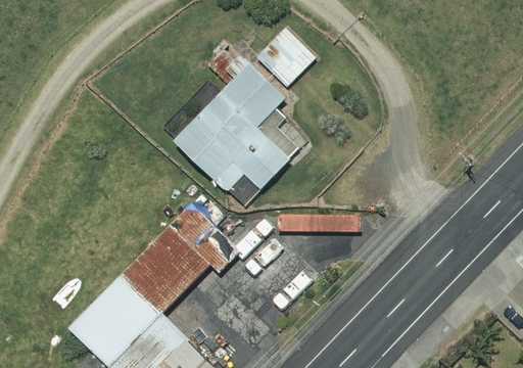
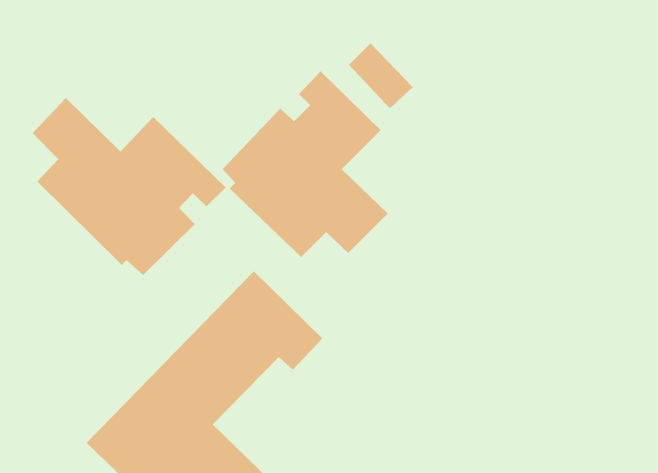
building: none -> [32,97,227,276]

